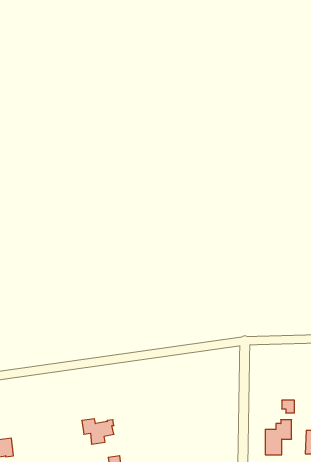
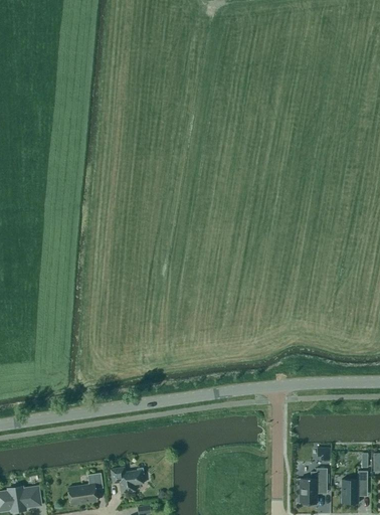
building: none -> [67,474,103,505]

